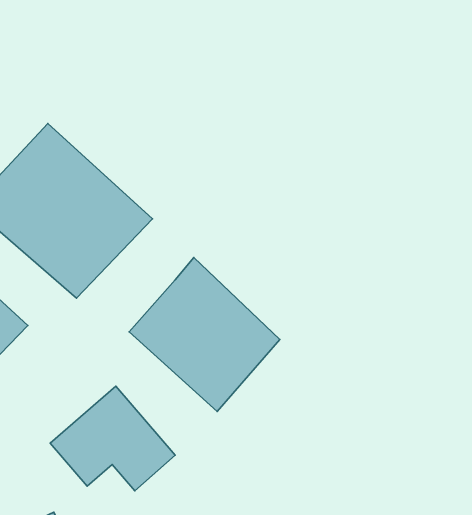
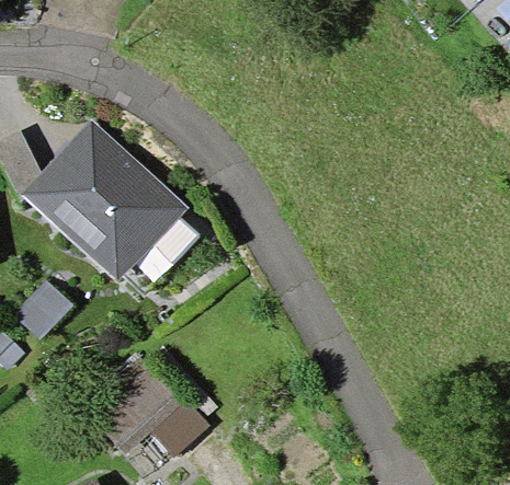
building: [129,257,280,412] -> none

